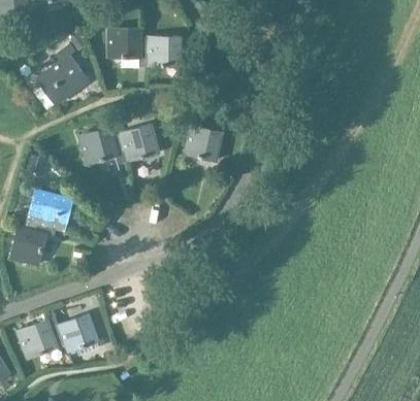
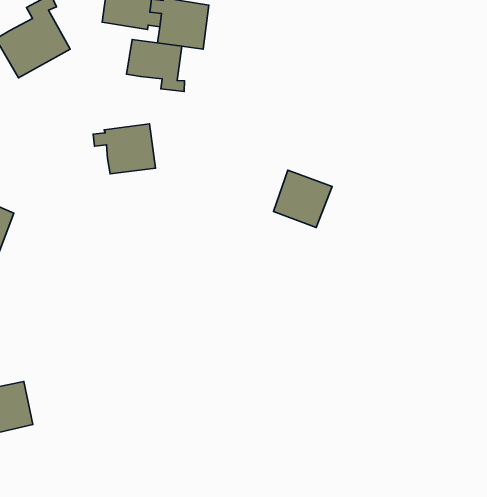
building: none -> [127,40,185,92]
building: [185,125,223,162] -> [273,170,332,228]
building: [79,127,125,165] -> none

